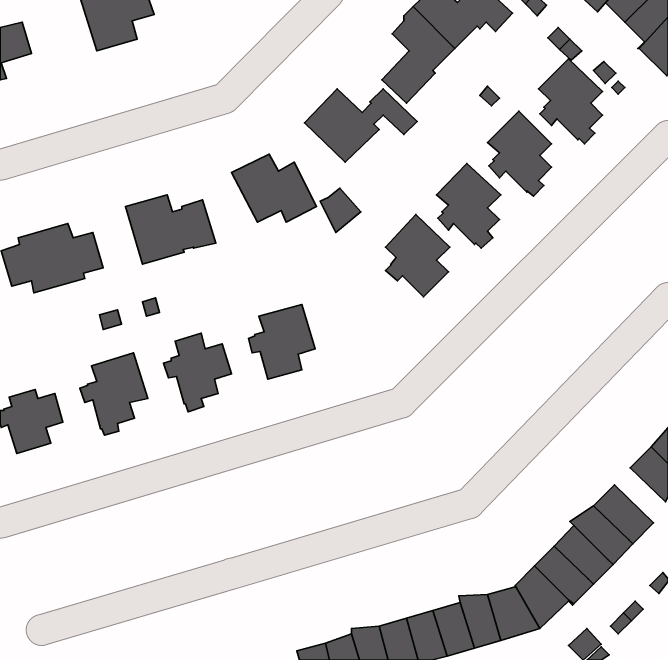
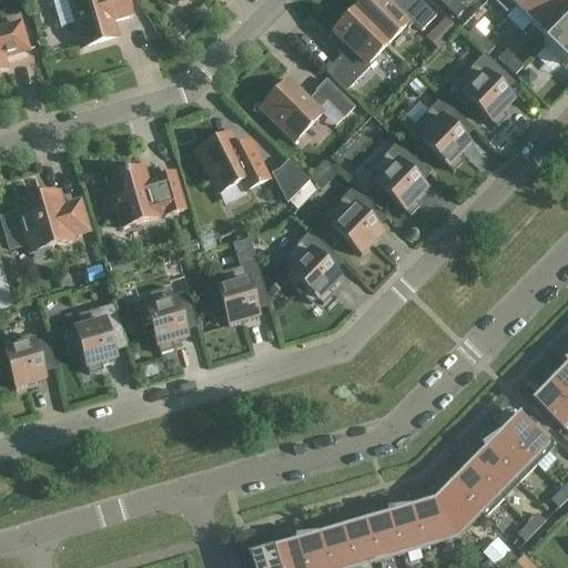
building: none -> [284,226,337,300]

